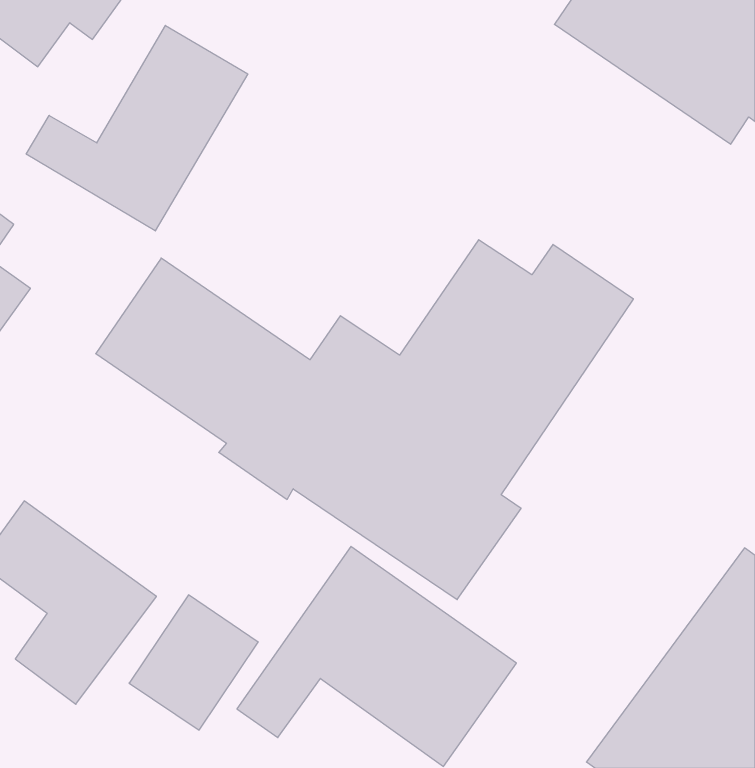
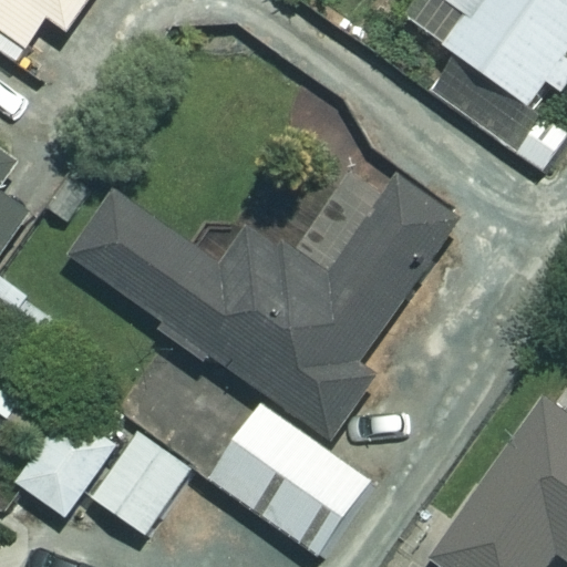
building: [26,25,248,231] -> none

